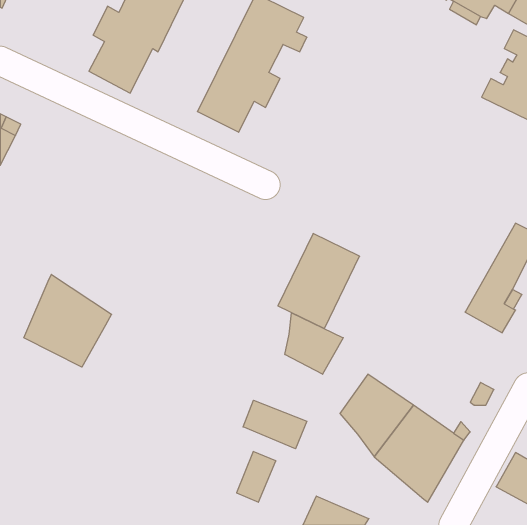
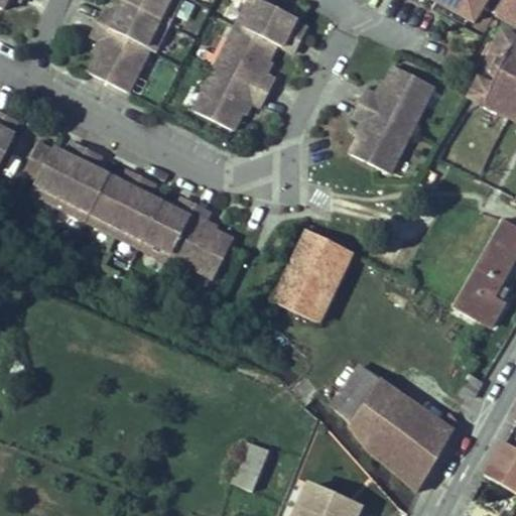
building: none -> [351,63,434,172]
building: none -> [24,141,234,276]
building: [24,274,112,367] -> none
building: [285,313,343,374] -> none
building: [243,400,307,449] -> none

